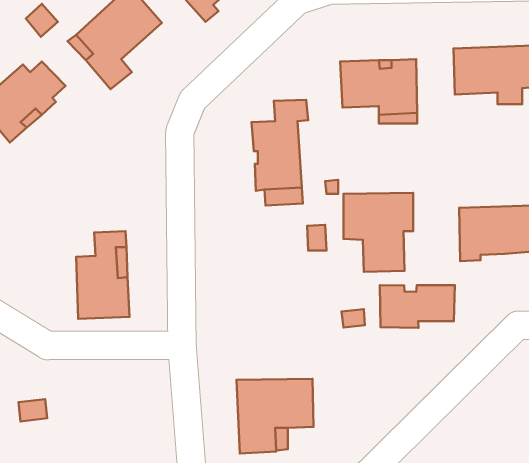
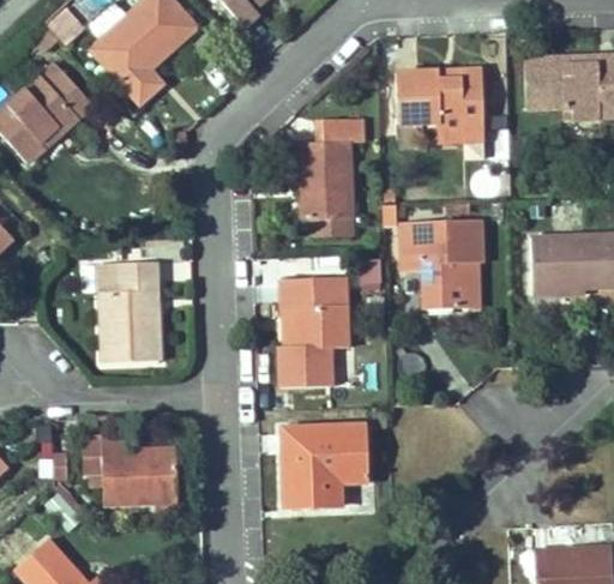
building: none -> [279,278,349,386]
building: [380,285,455,328] -> none
building: none -> [82,441,177,504]

